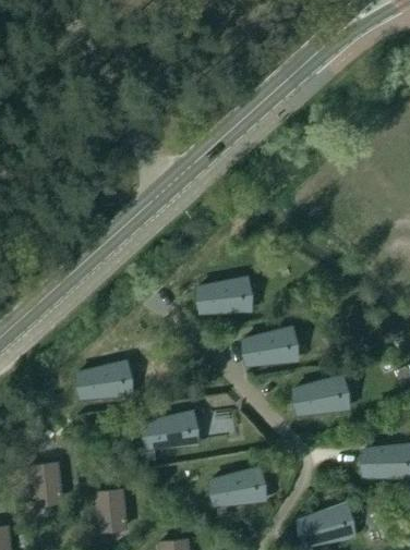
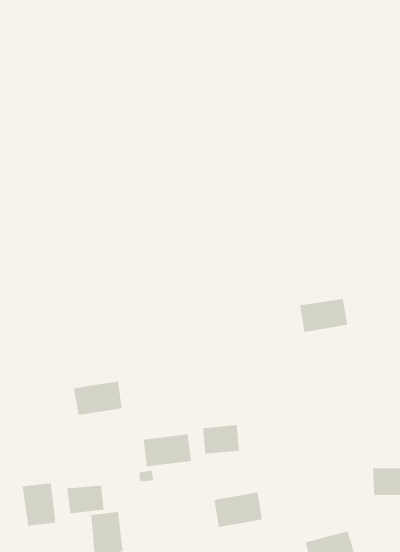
building: [200,282,246,313] -> none
building: [245,332,292,365] -> [299,298,348,333]
building: [297,380,343,414] -> none
building: none -> [67,485,104,514]

